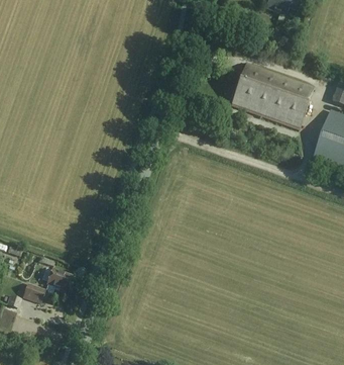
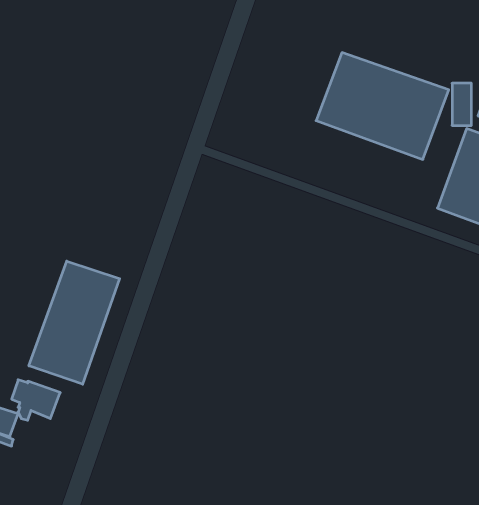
building: none -> [29,261,120,384]

